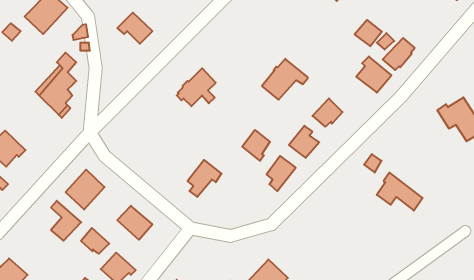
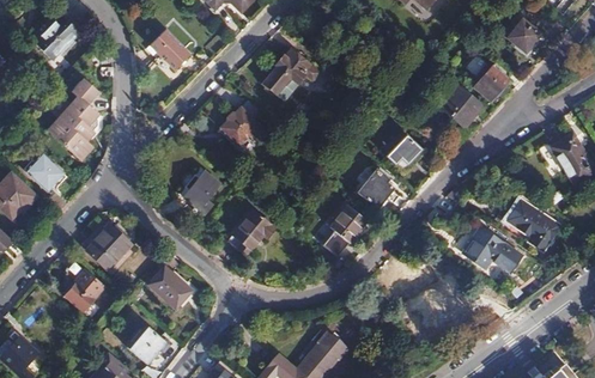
building: [355,20,382,46] -> [508,20,541,53]
building: [262,59,308,100] -> [263,50,320,100]
building: none -> [24,154,63,190]
building: none -> [181,170,220,211]
building: [242,130,270,161] -> none
building: none -> [503,197,563,254]
building: [81,228,109,254] -> none

